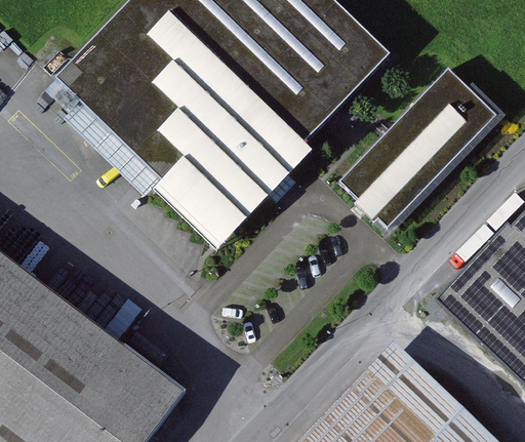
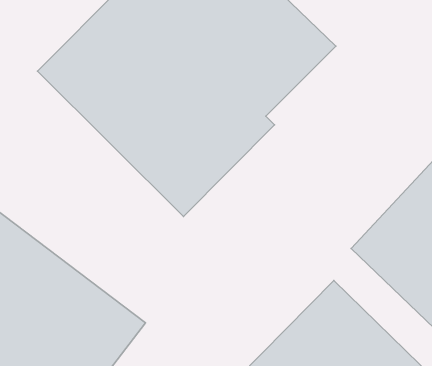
building: [342,69,507,234] -> none

